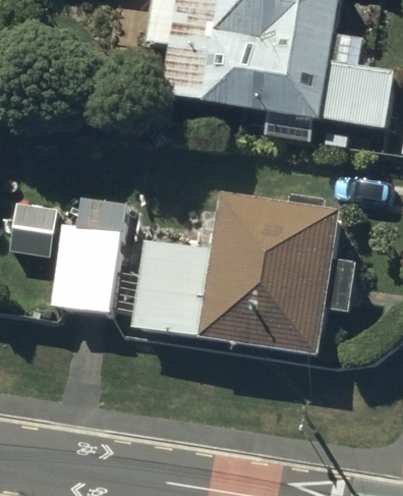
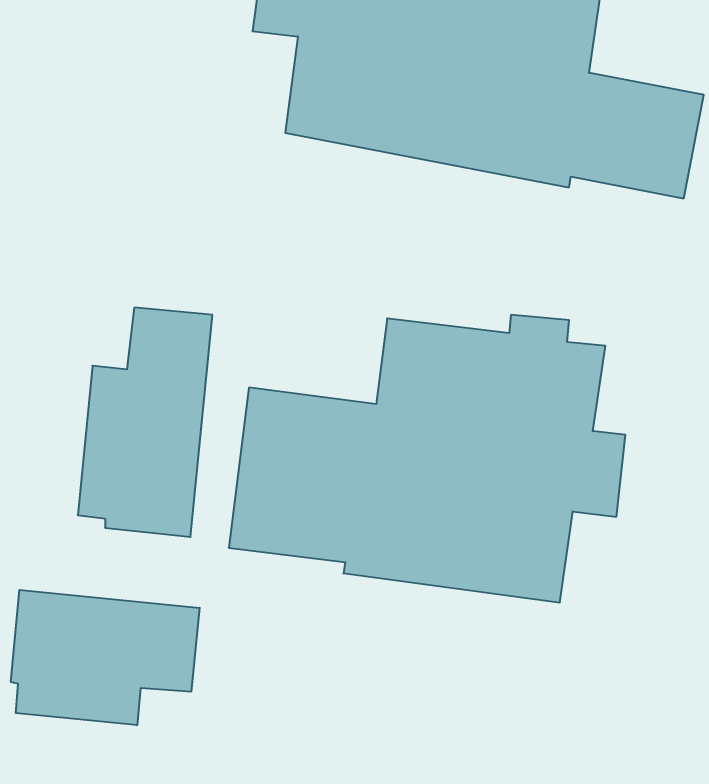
building: none -> [11,590,200,725]

